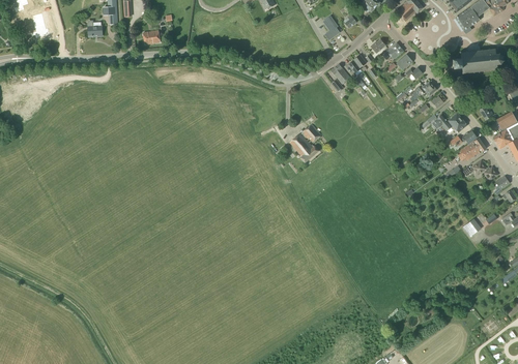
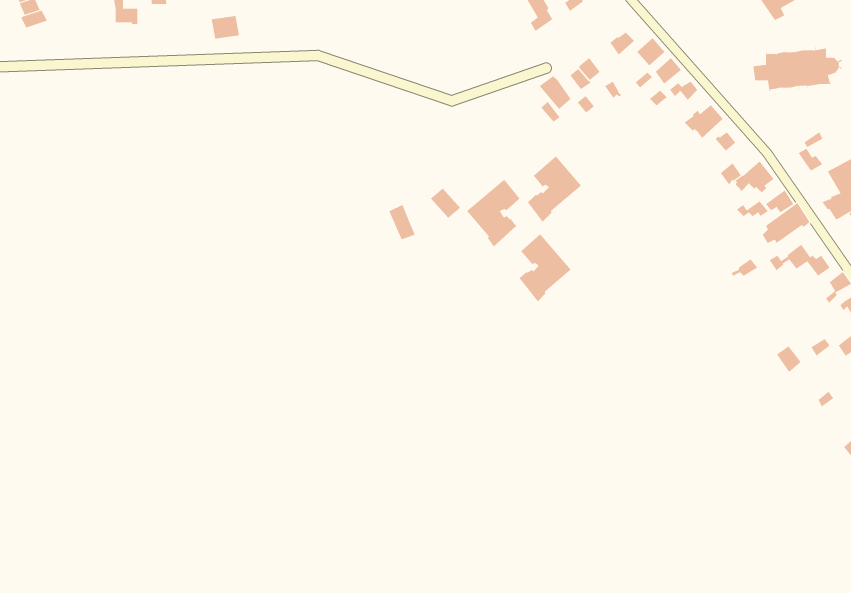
building: none -> [527,155,582,222]
building: none -> [519,233,572,302]

